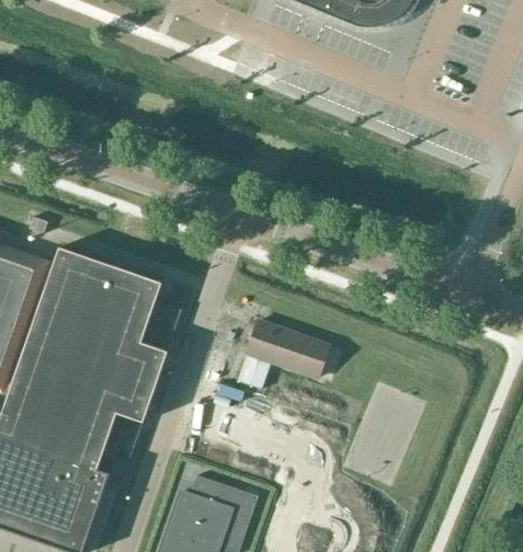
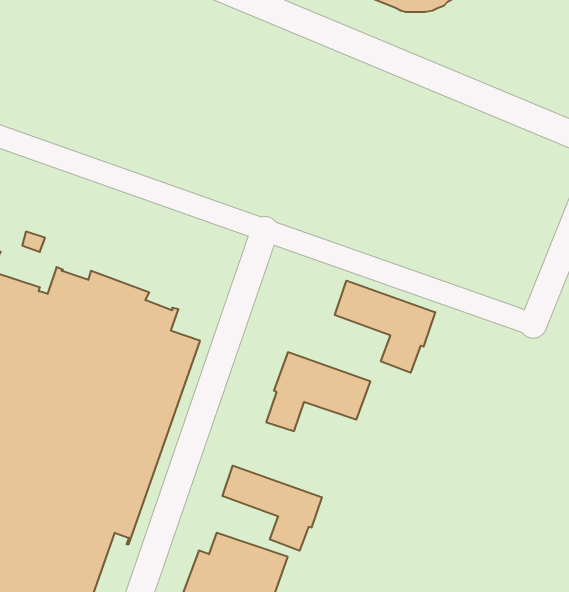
building: none -> [335,281,435,373]
building: none -> [222,466,322,551]

